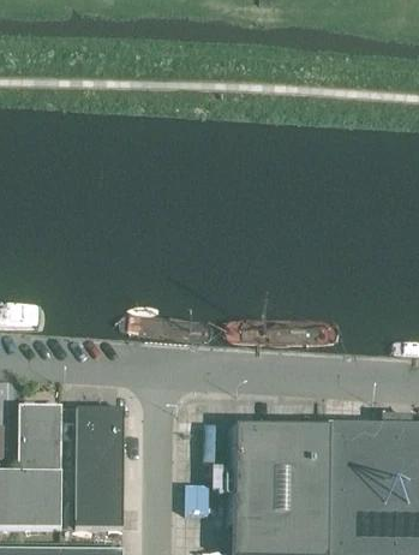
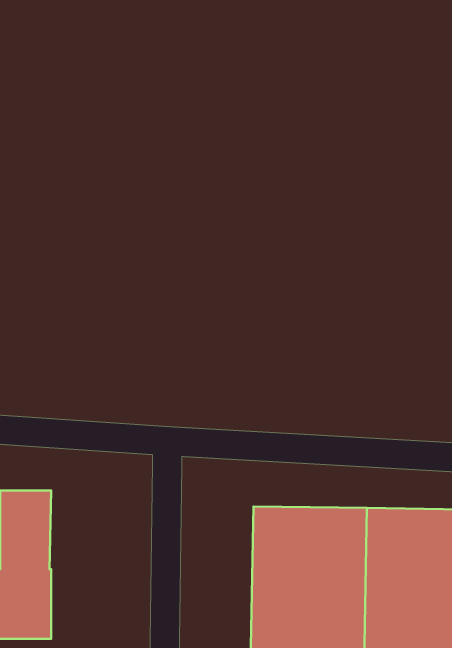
building: [74,410,124,530] -> none

